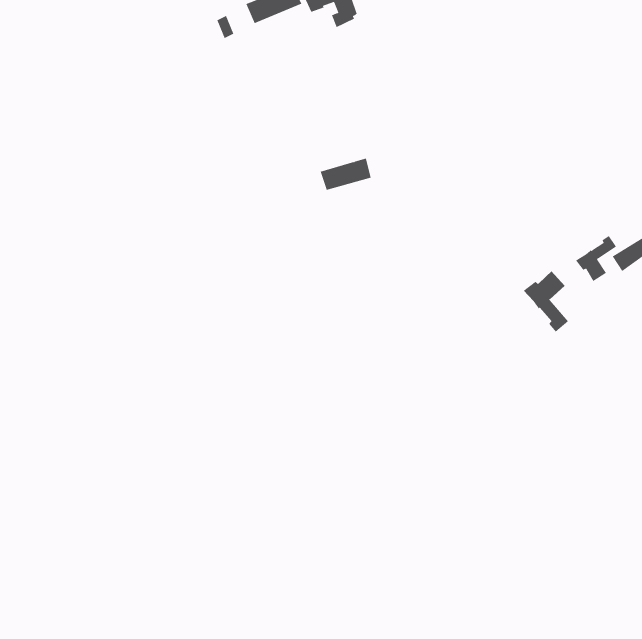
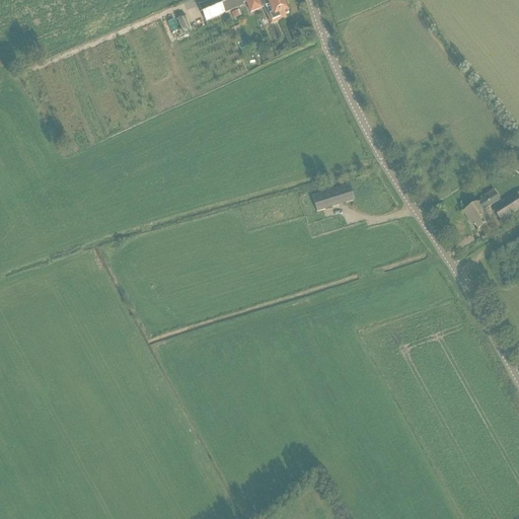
building: [320,158,371,190] -> [312,182,354,209]
building: [523,270,569,333] -> none

